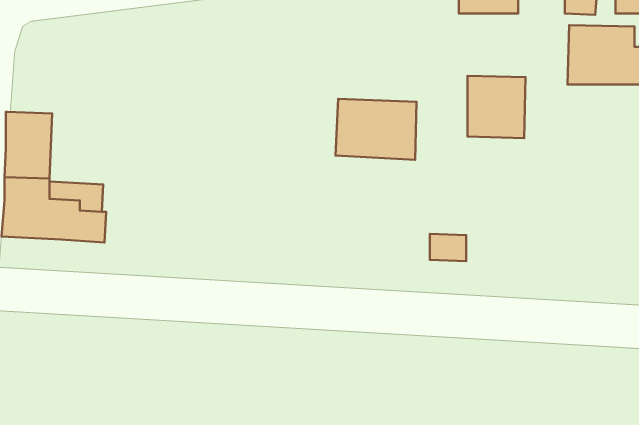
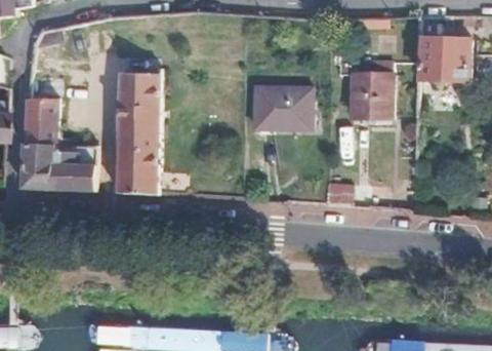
building: none -> [117,71,161,192]

